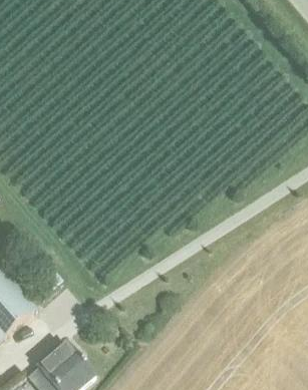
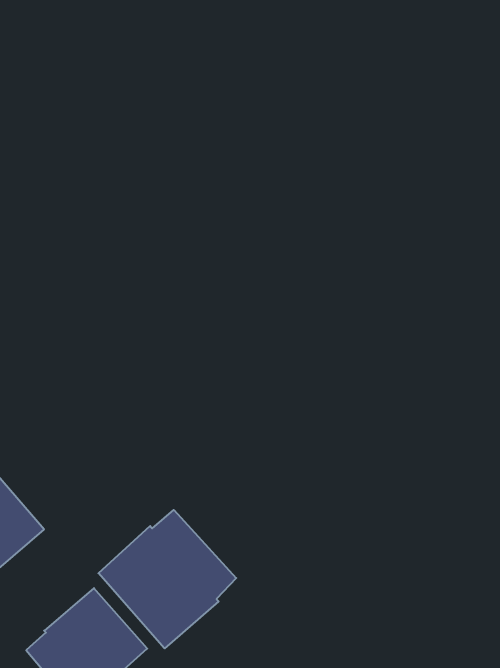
building: none -> [98,510,236,648]

